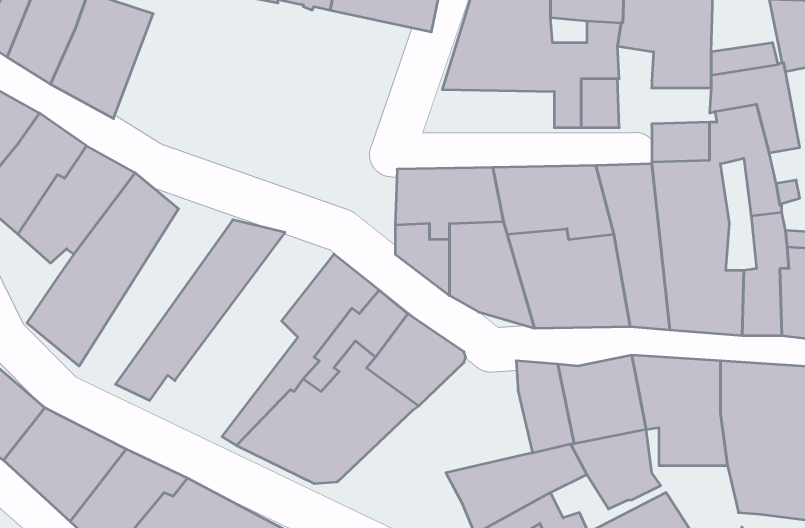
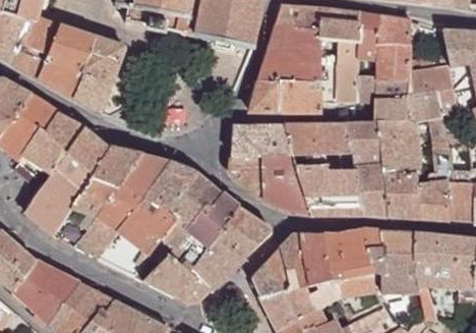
building: none -> [72,37,124,111]
building: none -> [356,73,412,101]
building: none -> [248,79,320,110]
building: none -> [53,147,139,245]
building: none -> [97,160,196,272]
building: none -> [251,232,308,295]

